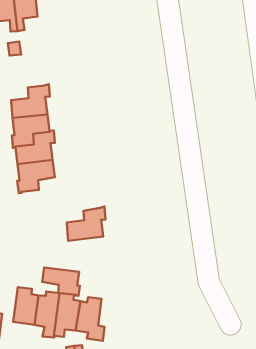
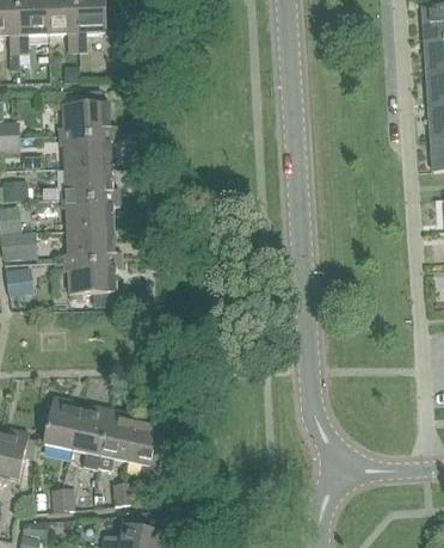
building: none -> [58,103,110,144]
building: [67,207,105,241] -> [68,251,121,294]
building: [42,267,80,296] -> none

